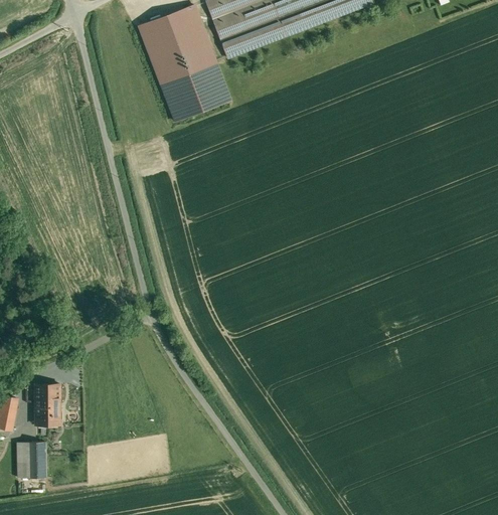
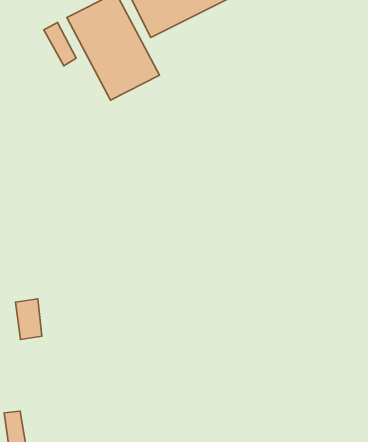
building: none -> [44,23,76,66]
building: [34,382,58,423] -> [16,299,42,339]

